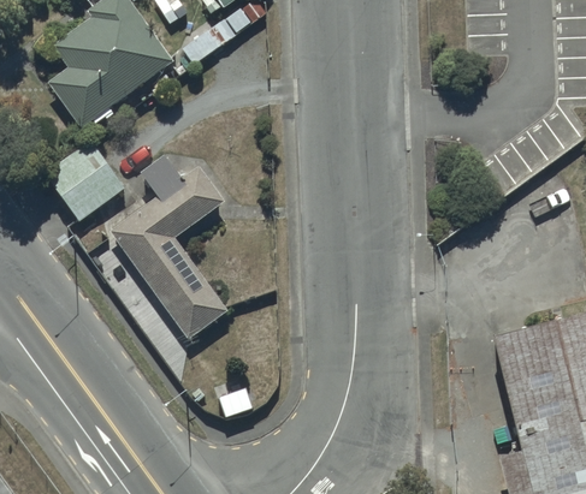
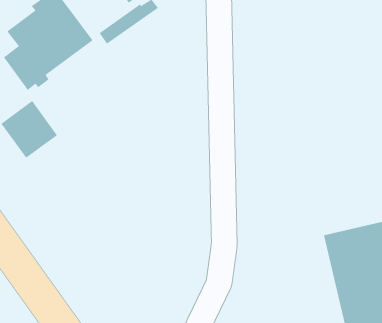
building: [109,154,230,339] -> none

